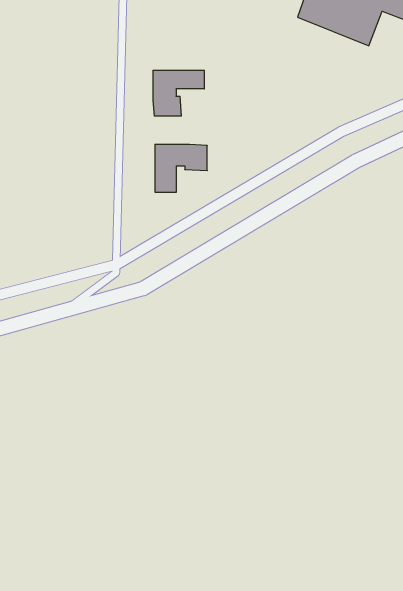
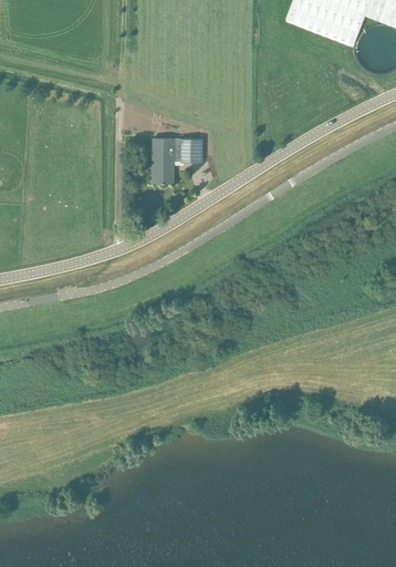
building: [153,70,204,116] -> none

